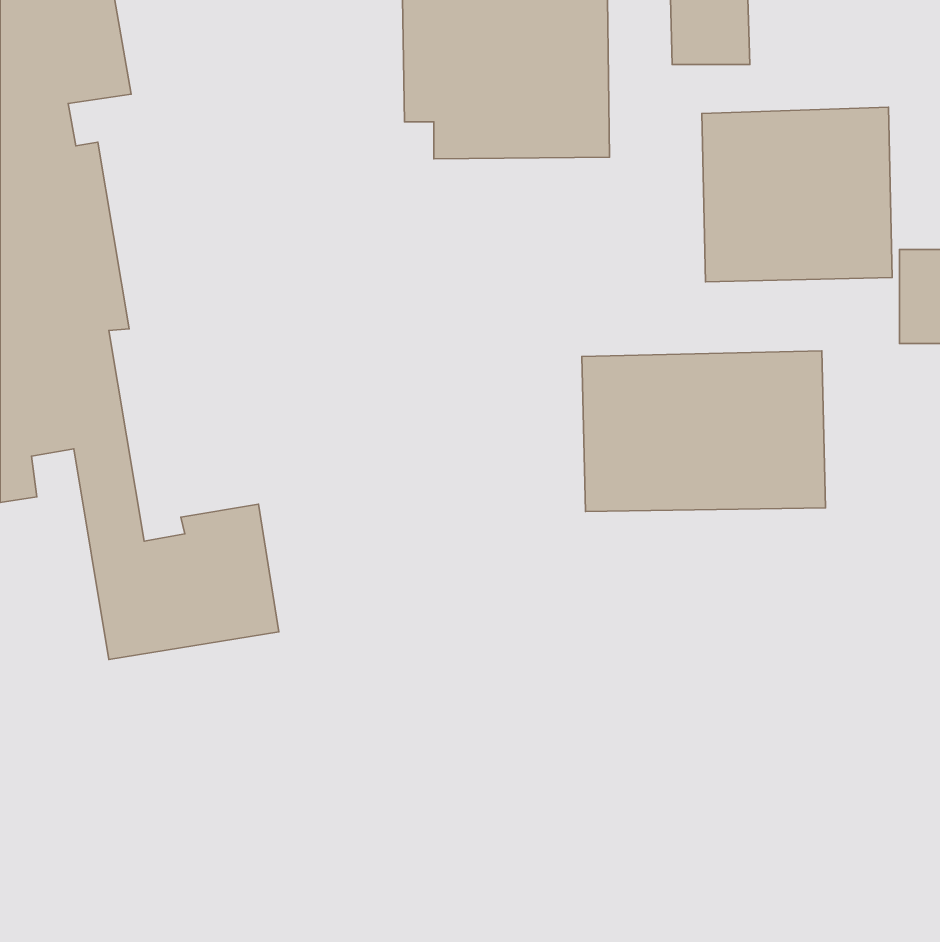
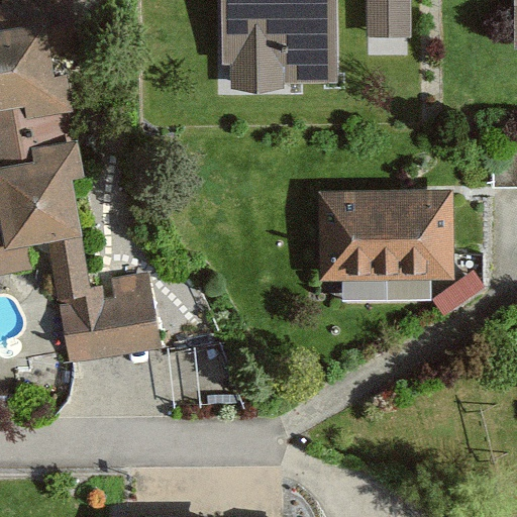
building: [702,107,892,282] -> none

